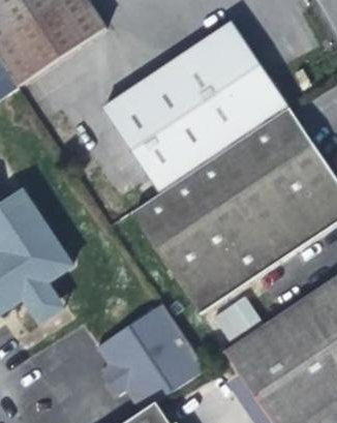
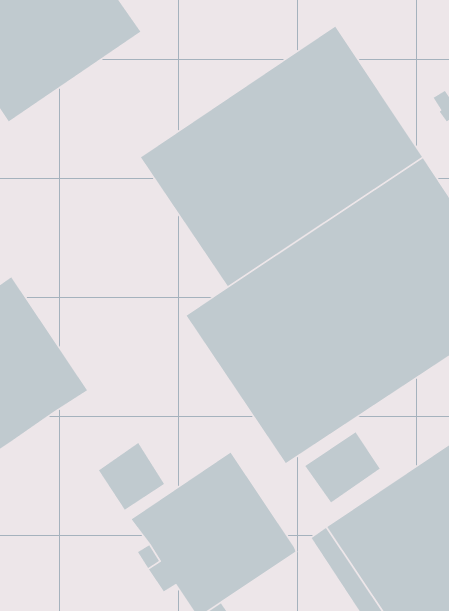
building: [19,277,63,323] -> [98,442,165,511]

